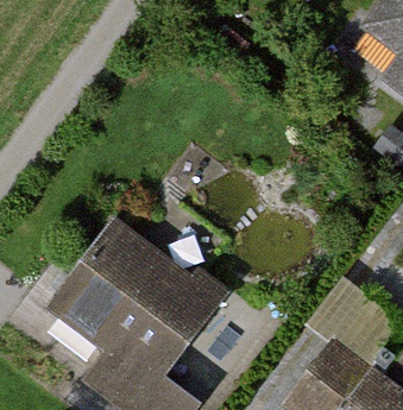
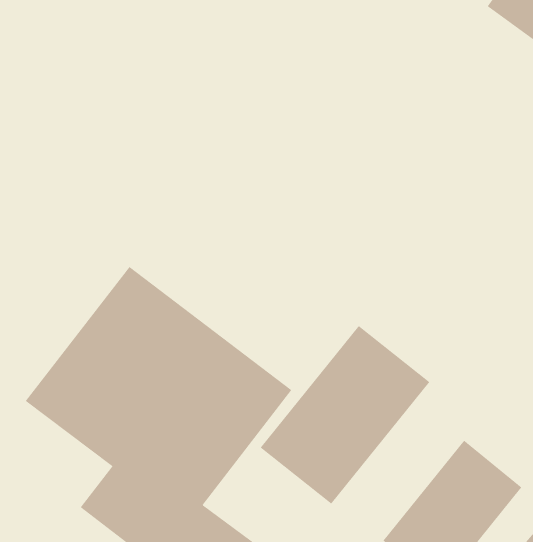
building: none -> [260,325,430,505]

